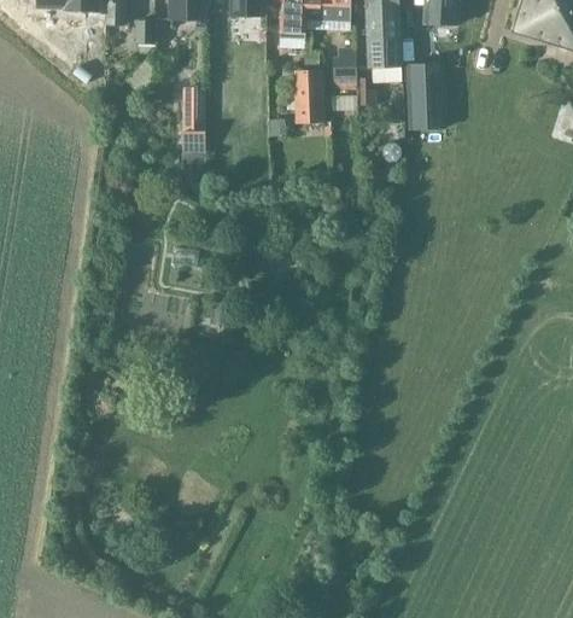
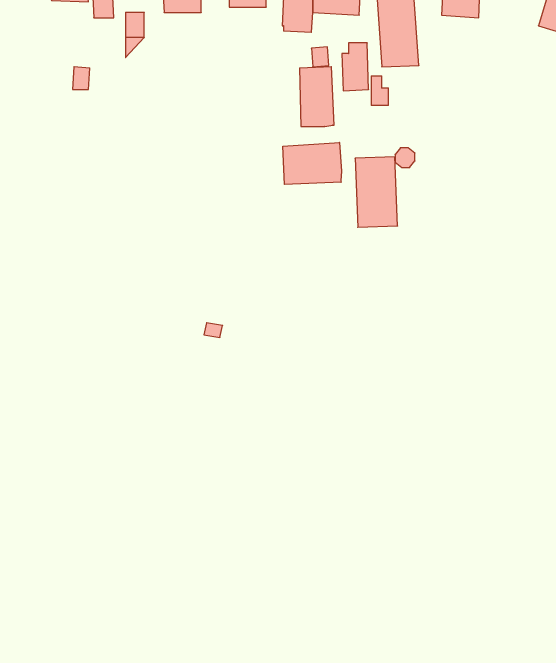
building: [407,63,445,127] -> [355,157,398,227]
building: [182,101,204,148] -> none
building: none -> [283,142,342,184]

